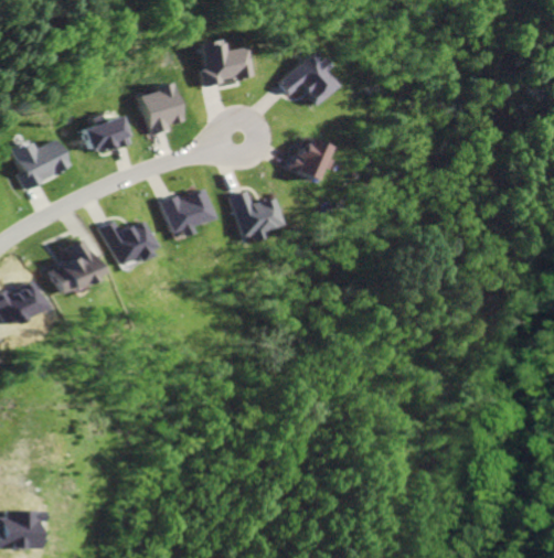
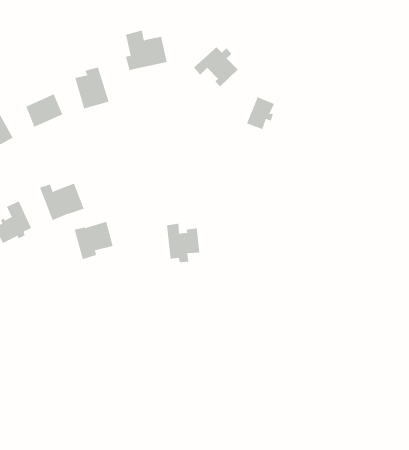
building: [294,141,328,181] -> [246,97,275,130]
building: [162,190,210,236] -> [74,221,113,260]
building: [228,190,269,237] -> [166,223,200,263]

